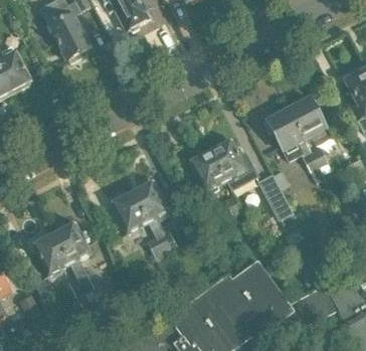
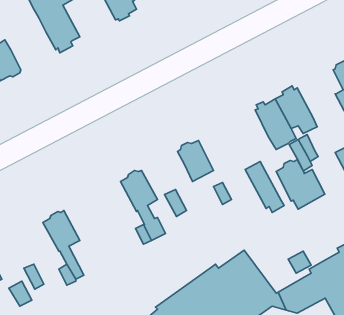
building: [210,139,259,189] -> [276,159,325,209]
building: [111,192,148,233] -> none
building: [32,233,69,275] -> none

